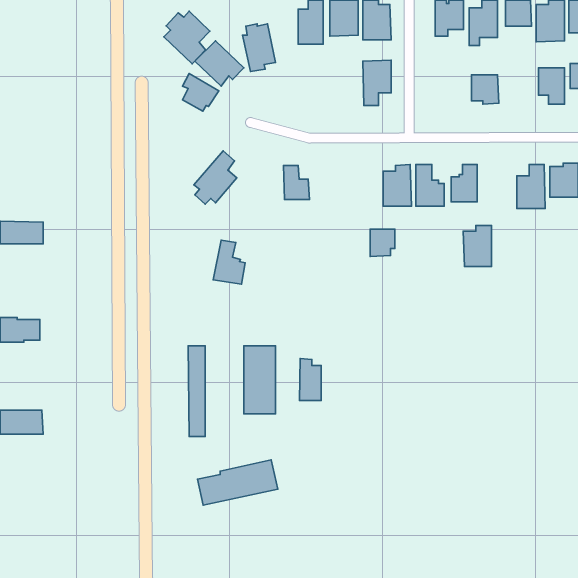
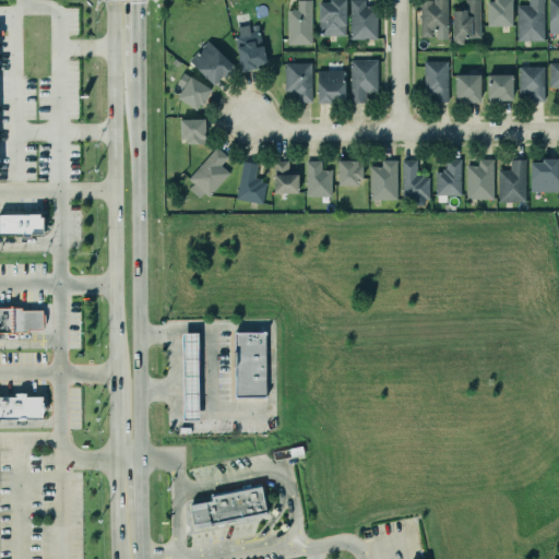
building: [164,11,210,64] -> none
building: none -> [425,60,449,103]
building: none -> [285,62,312,102]
building: none -> [318,70,345,103]
building: none -> [488,73,513,99]
building: none -> [179,118,205,143]
building: none -> [307,160,332,197]
building: [463,226,492,266] -> [466,159,493,199]
building: [370,229,395,256] -> [338,159,362,186]
building: [213,240,245,284] -> [236,162,266,204]
building: [299,359,321,401] -> none
building: [197,460,278,505] -> [189,486,266,530]

